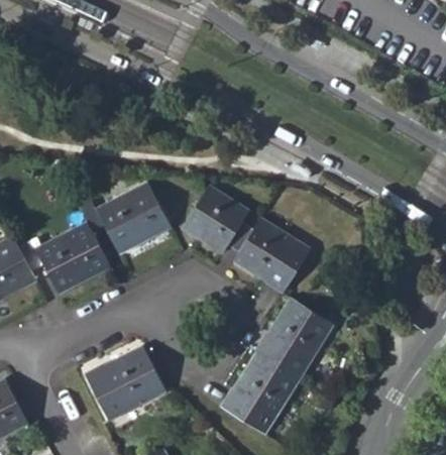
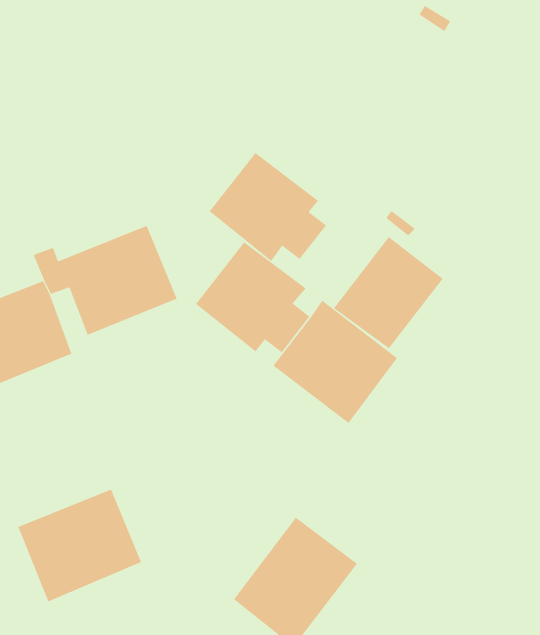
building: none -> [209,152,327,262]
building: none -> [333,236,444,349]
building: [256,299,332,378] -> none

